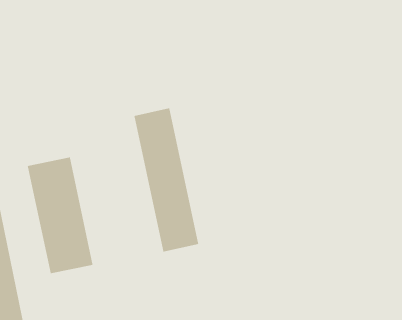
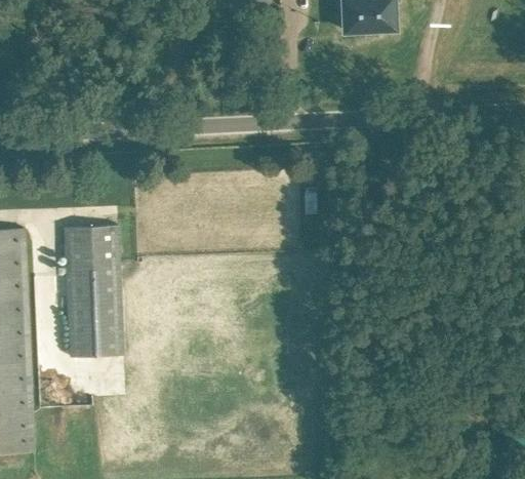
building: [133,107,199,253] -> none

